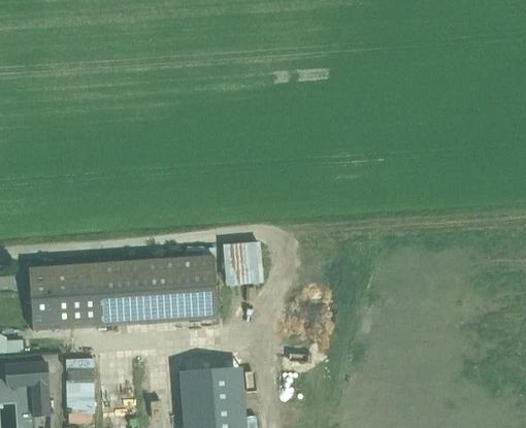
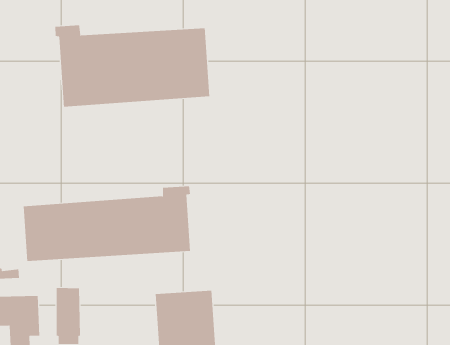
building: none -> [55,25,210,107]
building: [224,241,262,290] -> none

